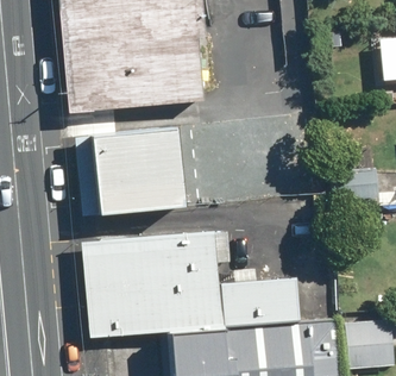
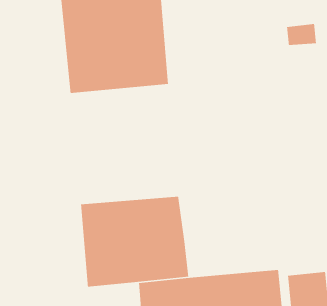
building: [87,126,188,214] -> none
building: [219,275,301,325] -> none

